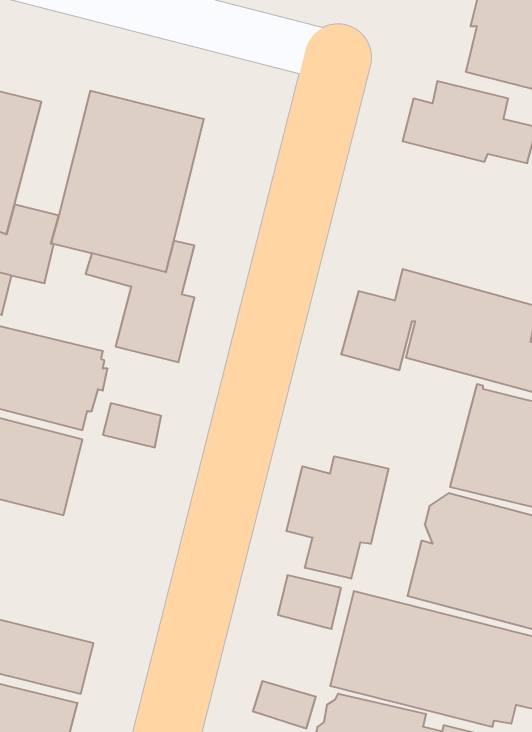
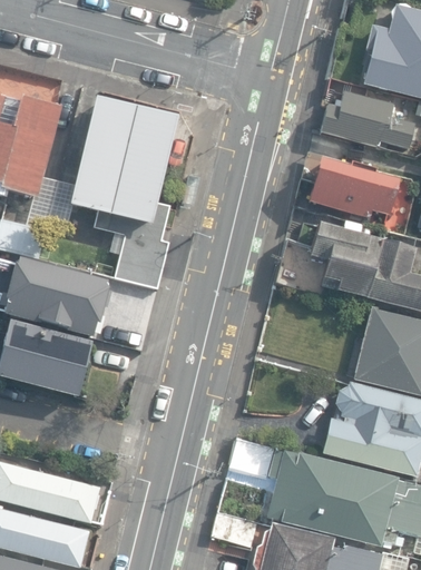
building: none -> [303,153,396,218]
building: [287,456,389,579] -> none

